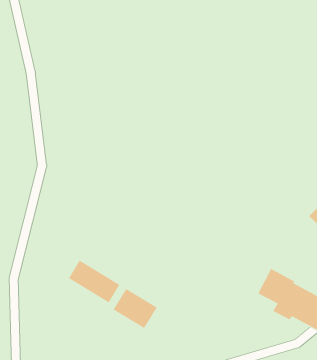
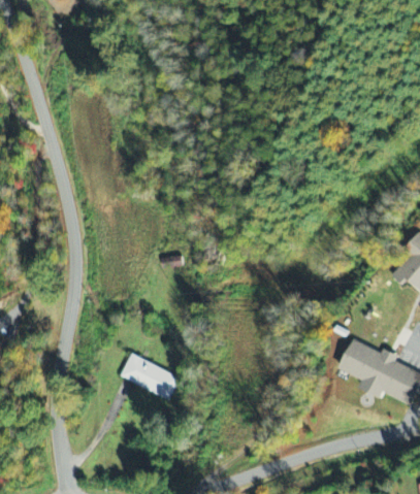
building: [113,288,158,329] -> none

